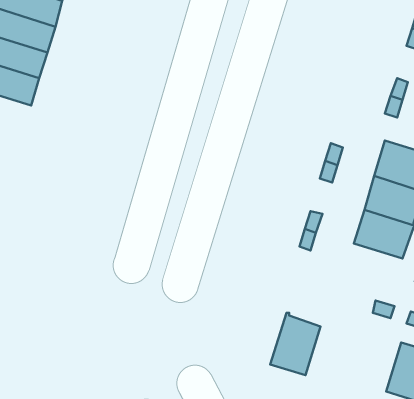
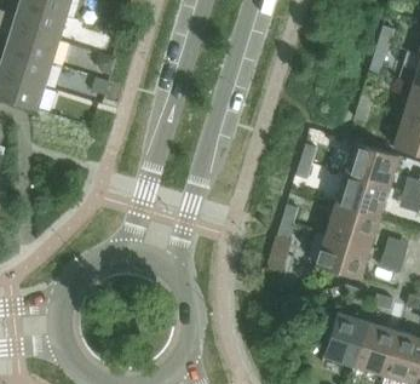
building: none -> [316,234,369,280]
building: [270,313,320,375] -> [323,310,368,366]

